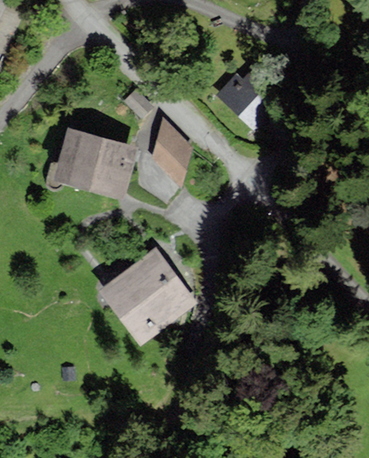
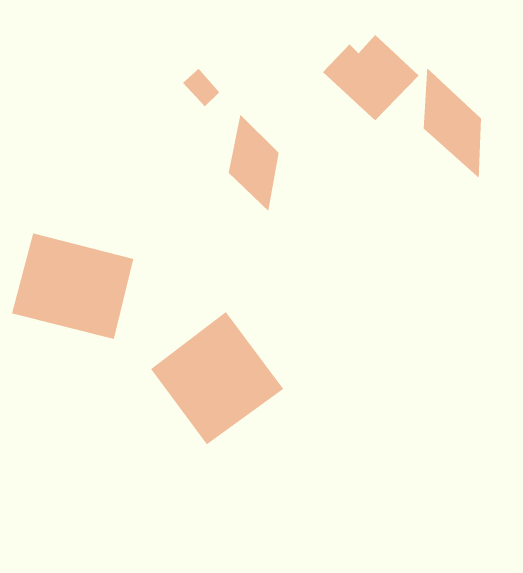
building: none -> [423,67,481,179]
building: [53,129,134,199] -> [11,233,134,339]

